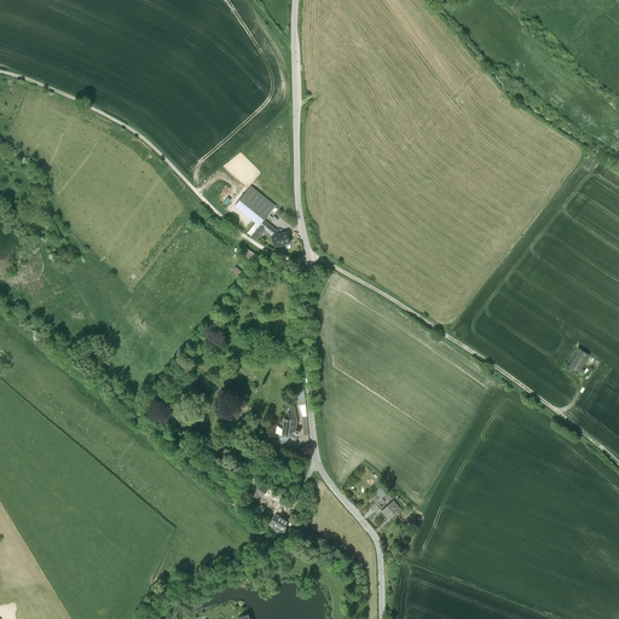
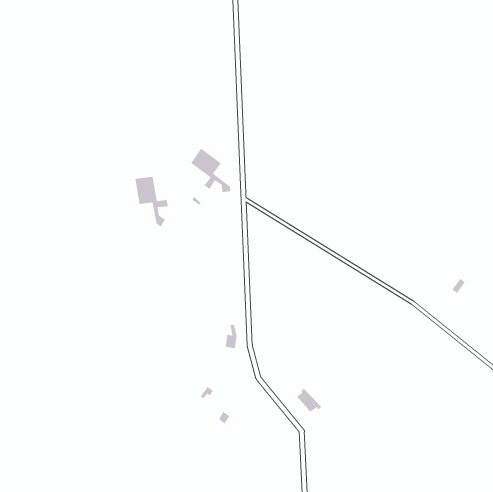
building: none -> [134,176,169,228]

